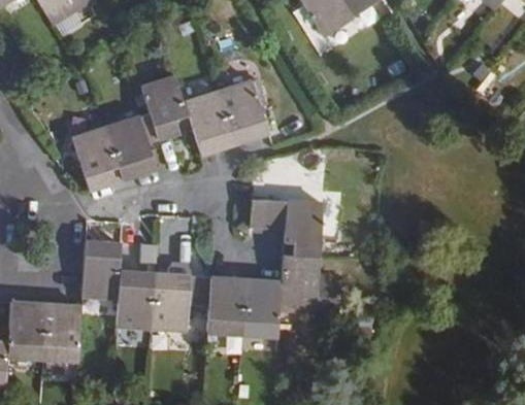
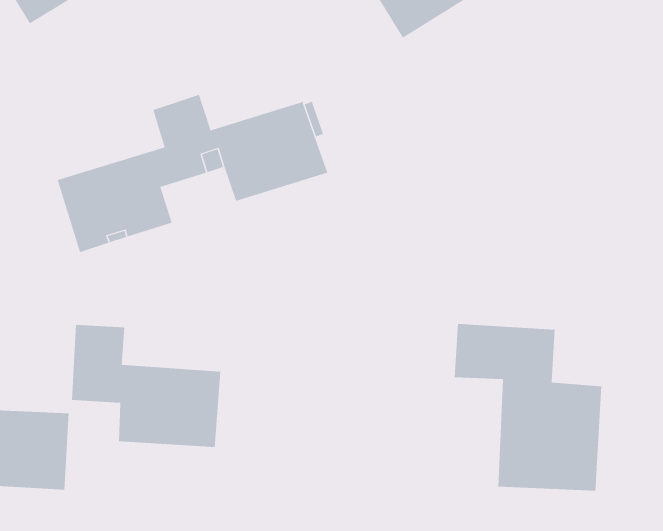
building: [206,199,340,336] -> none
building: none -> [454,323,602,492]

